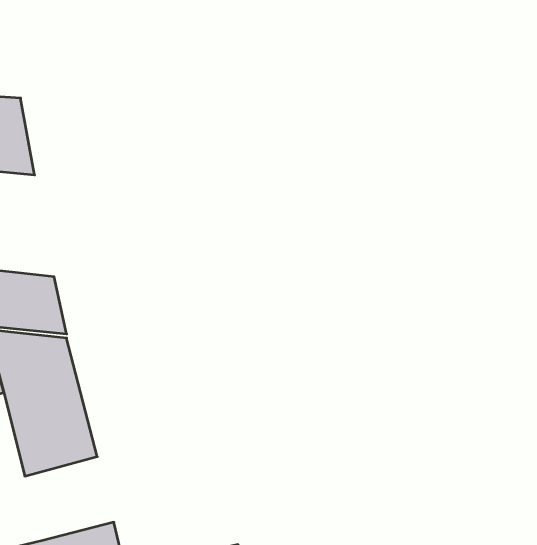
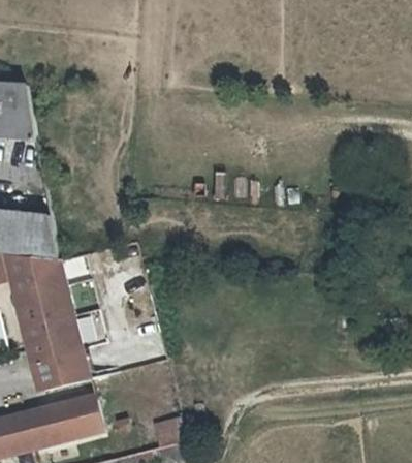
building: none -> [30,349,91,391]

